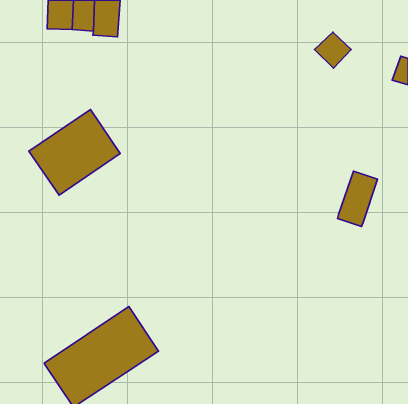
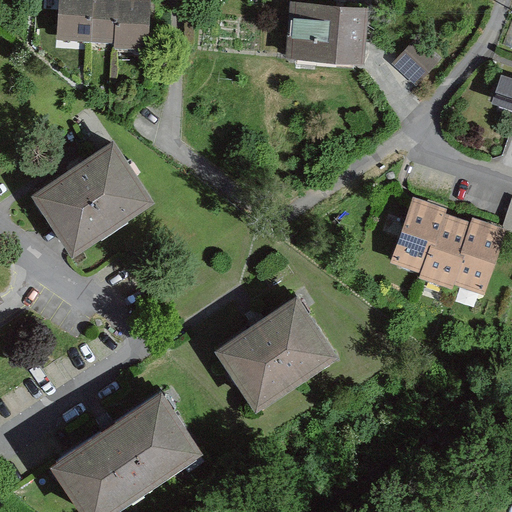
building: none -> [288,11,365,69]
building: none -> [392,204,444,274]
building: none -> [454,225,505,295]
building: none -> [219,294,333,401]

